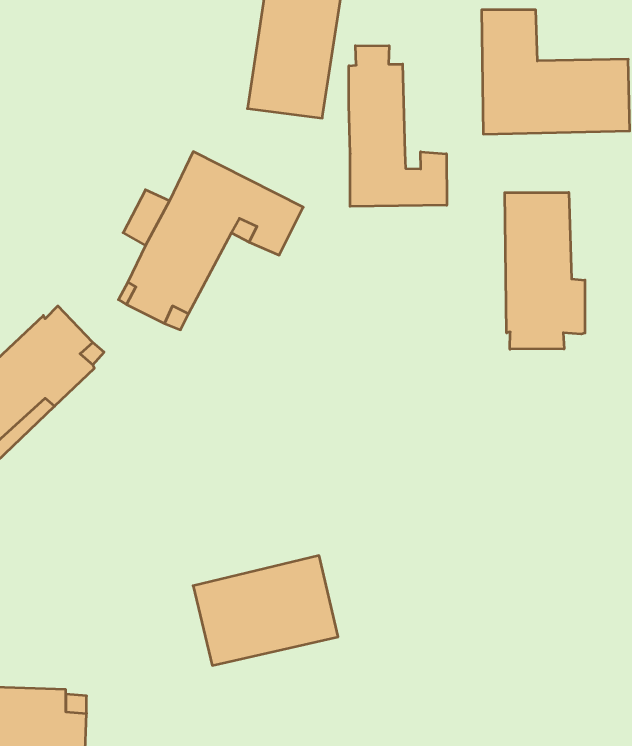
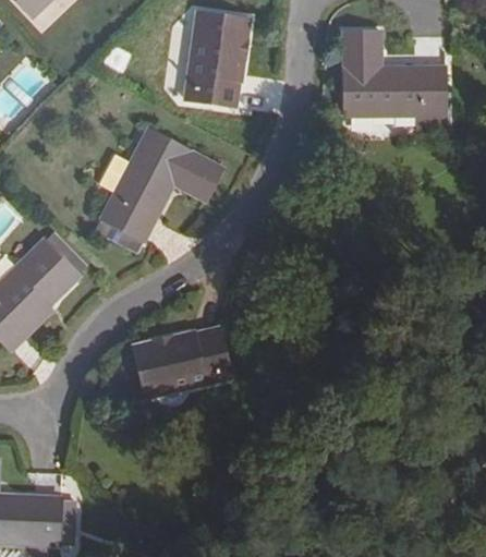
building: [349,46,447,206] -> none
building: [505,192,585,349] -> none
building: [193,556,338,665] -> [133,325,232,400]

